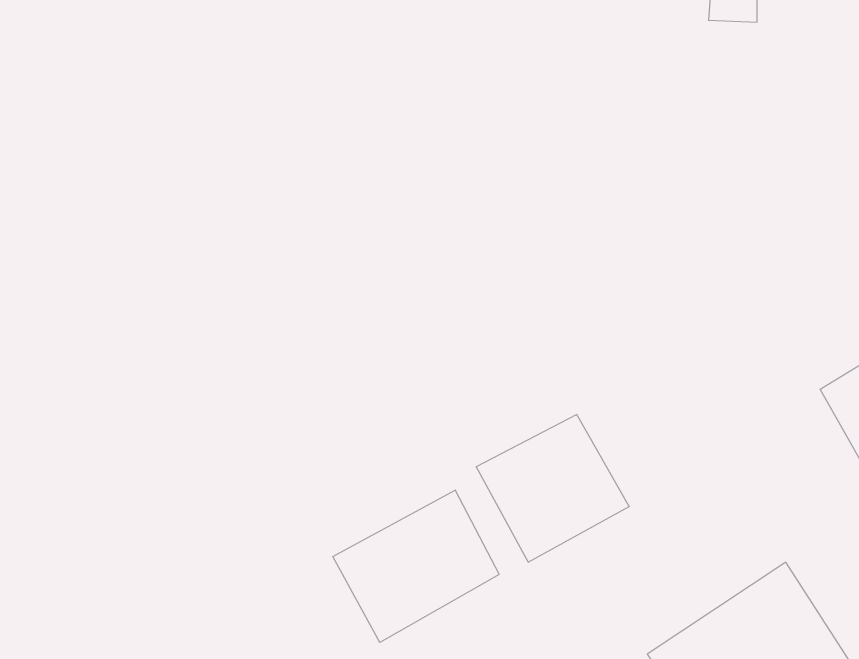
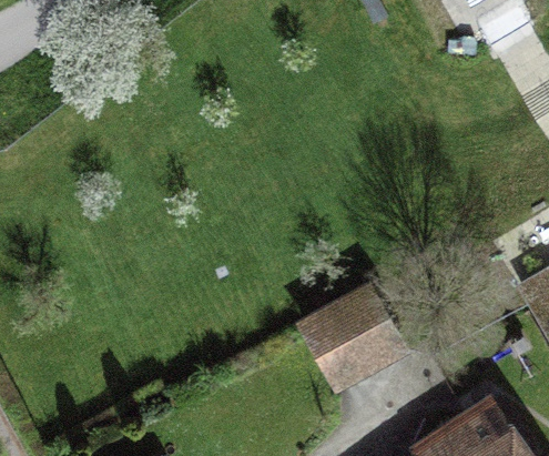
building: [333,490,499,642] -> none

